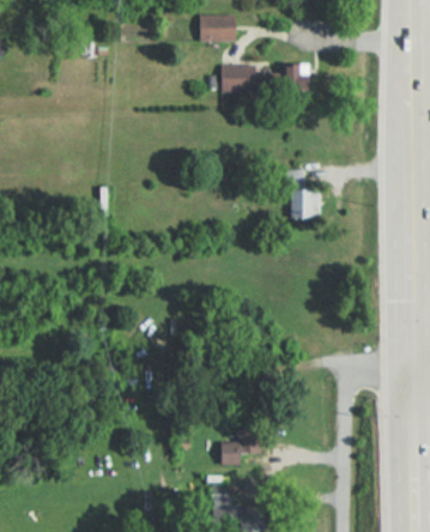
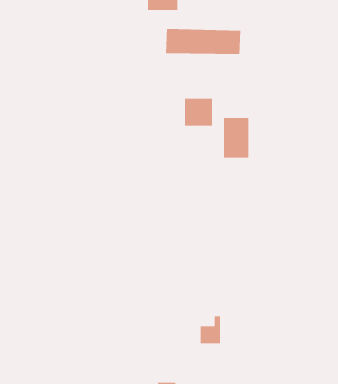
building: none -> [184,98,212,126]
building: [222,431,247,465] -> [200,316,221,344]

